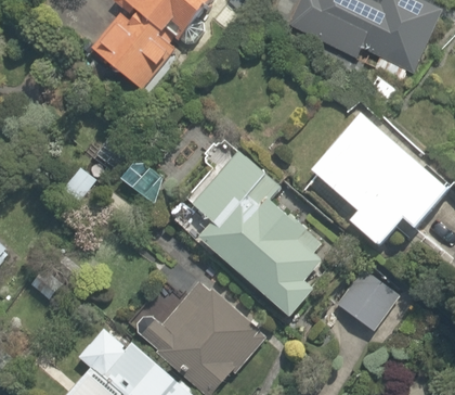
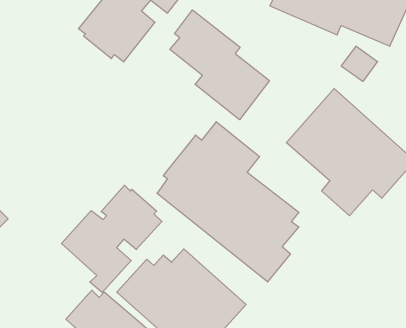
building: none -> [170,10,269,120]
building: none -> [61,185,162,293]
building: [340,264,408,333] -> none

